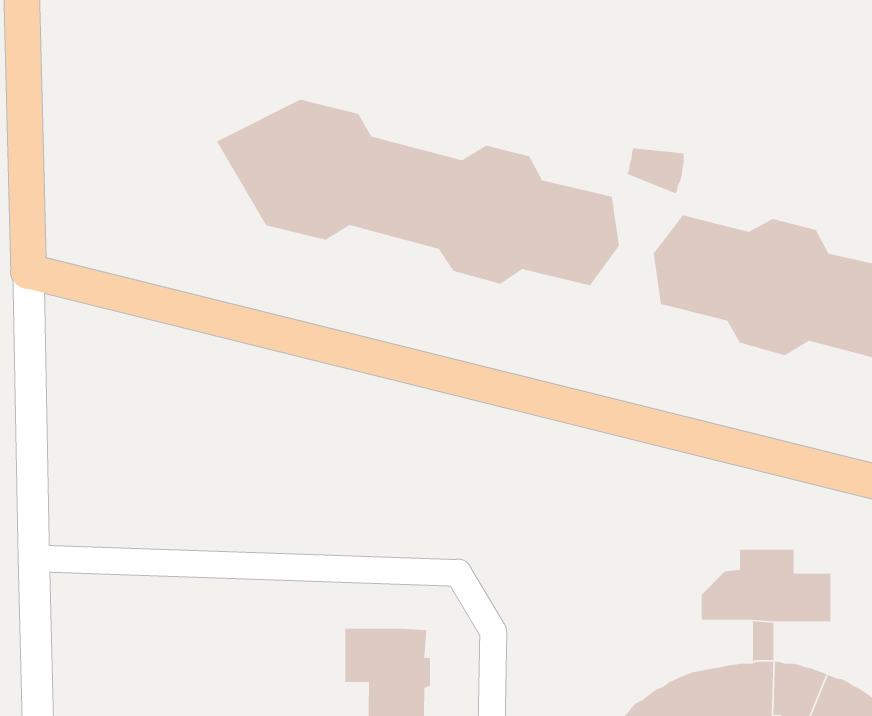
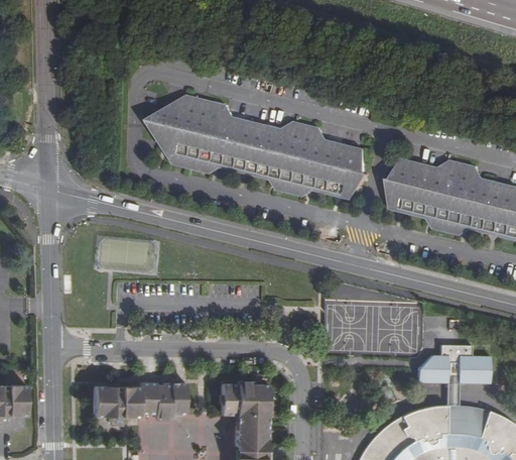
building: [626,147,685,194] -> none
building: none -> [93,381,184,419]

